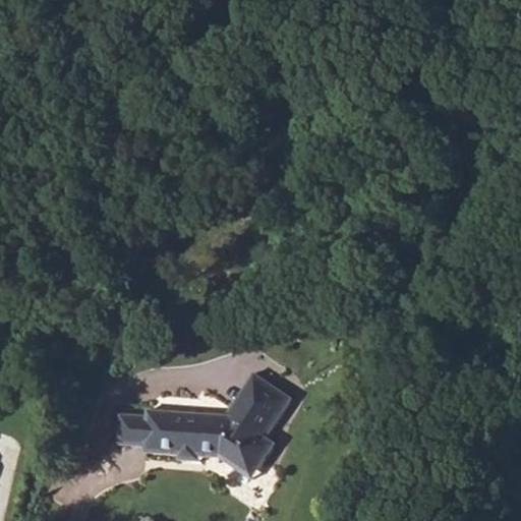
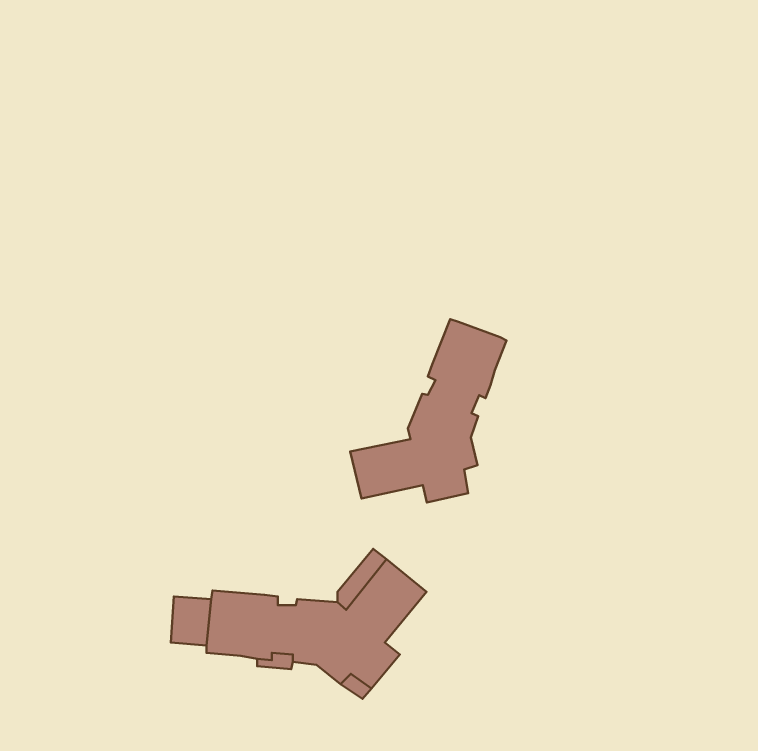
building: none -> [350,319,507,503]

